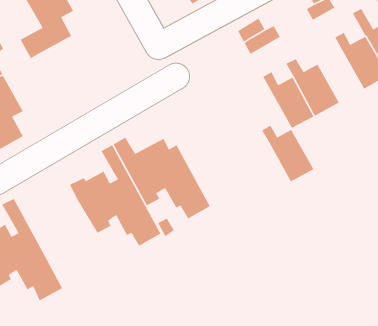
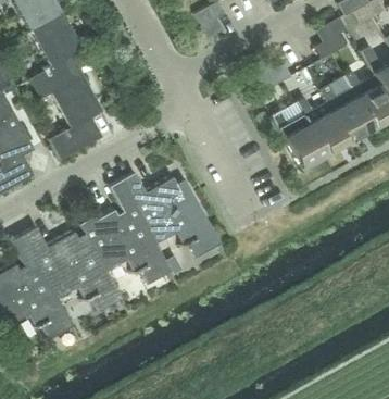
building: none -> [49,74,102,160]
building: [261,125,315,182] -> [318,83,372,140]
building: none -> [24,227,122,311]

